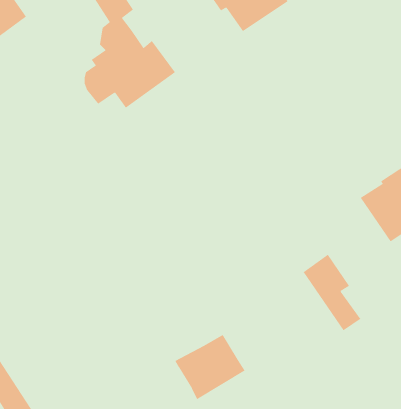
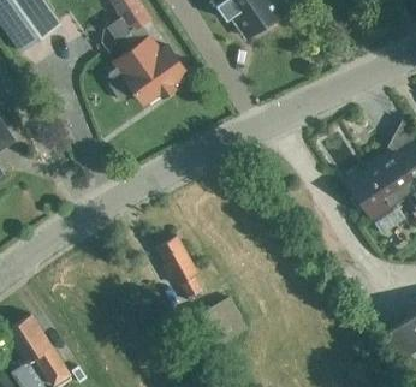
building: [303,254,361,331] -> none
building: none -> [158,236,203,302]

